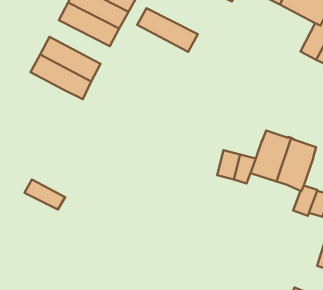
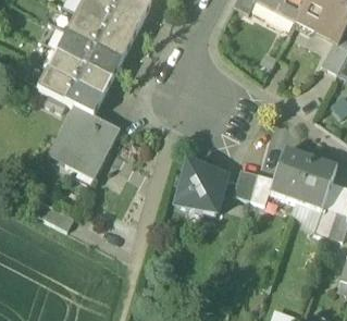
building: [137,8,198,52] -> [59,30,122,76]
building: none -> [57,103,121,178]
building: none -> [176,161,227,212]

